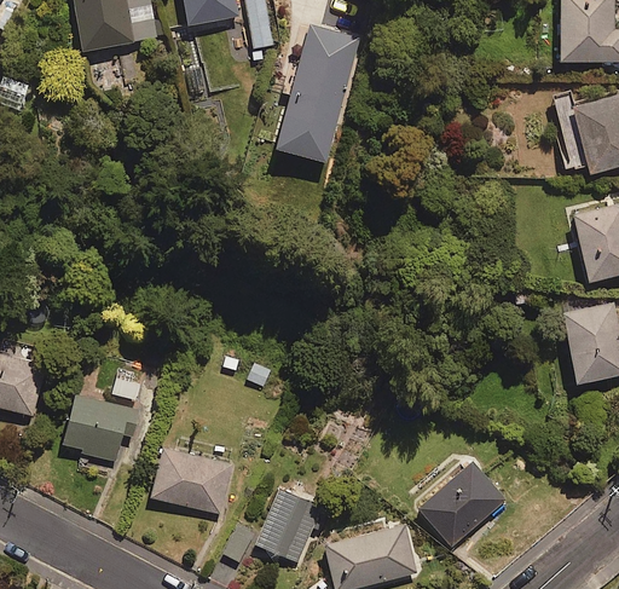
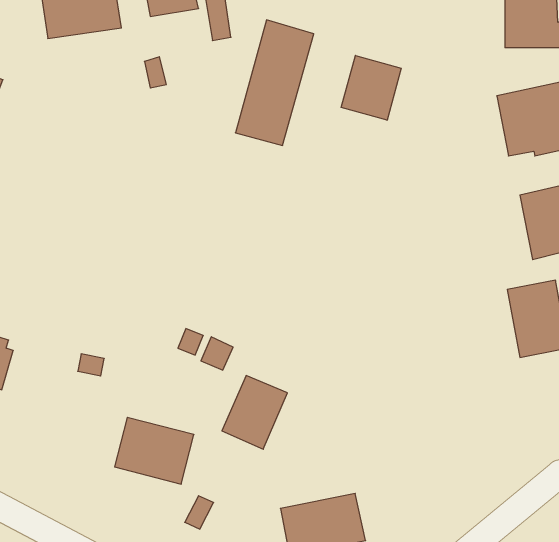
building: none -> [341,55,401,120]
building: [63,392,138,462] -> none
building: [417,461,505,548] -> none
building: [254,486,323,564] -> [222,376,287,449]

